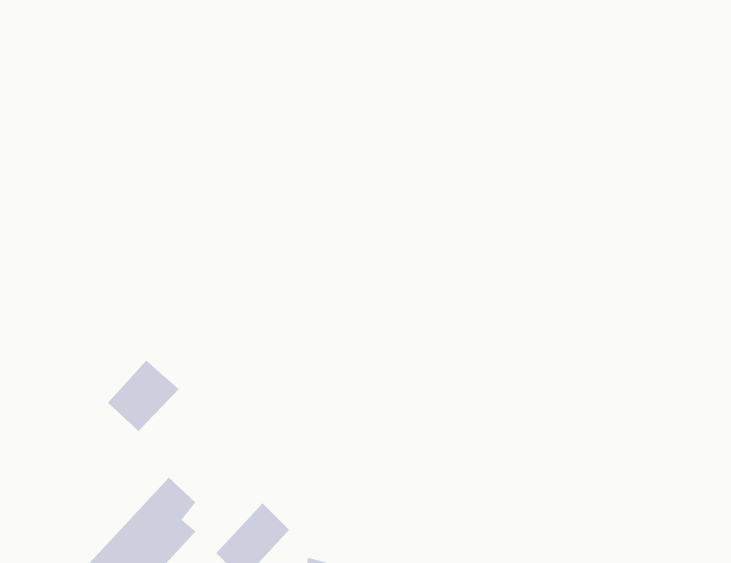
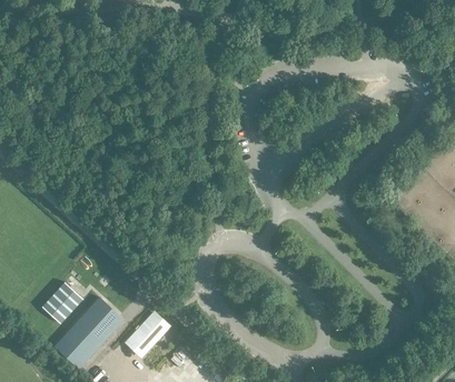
building: [107,360,179,432] -> [41,282,82,323]

